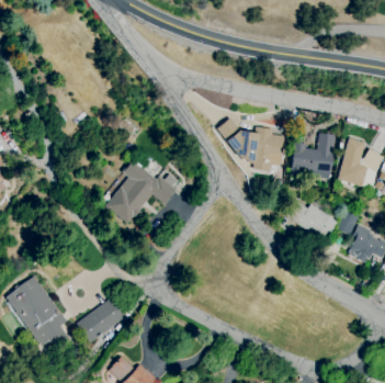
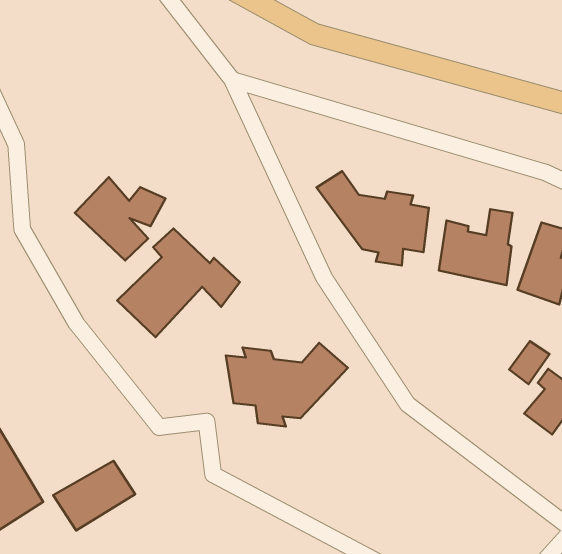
building: none -> [75,177,166,260]
building: [296,204,338,246] -> none
building: none -> [226,343,348,427]

